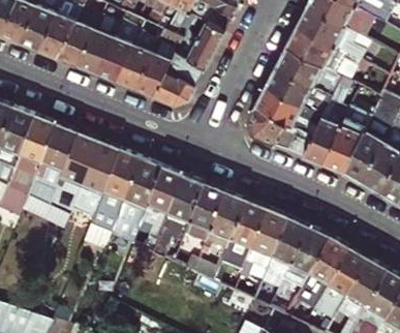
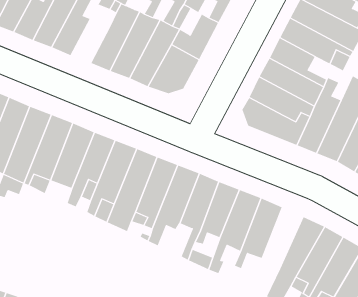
building: [74,28,114,72] -> none
building: [254,217,308,303] -> none

